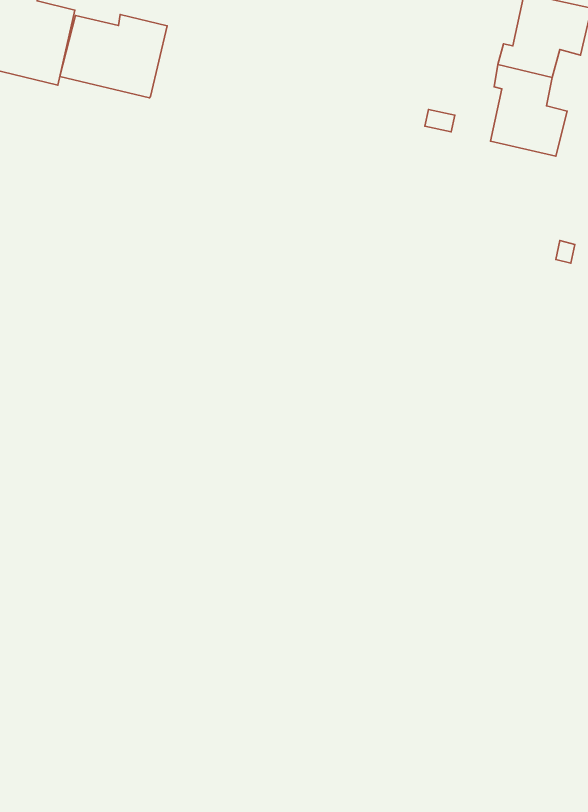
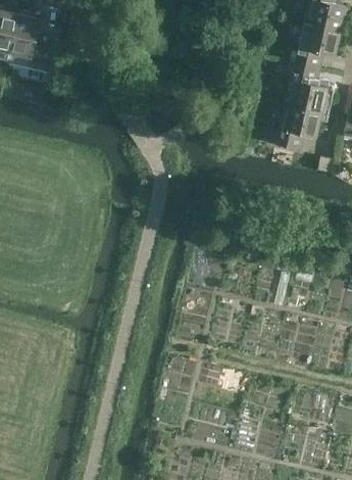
building: [60,14,167,98] -> none
building: none -> [270,104,320,150]

